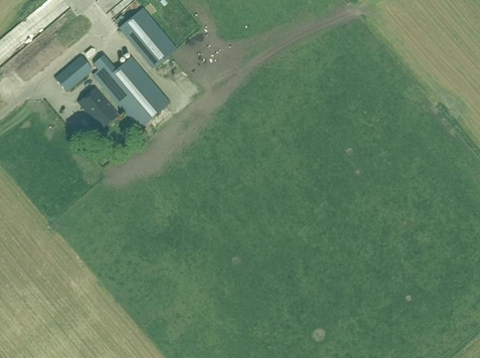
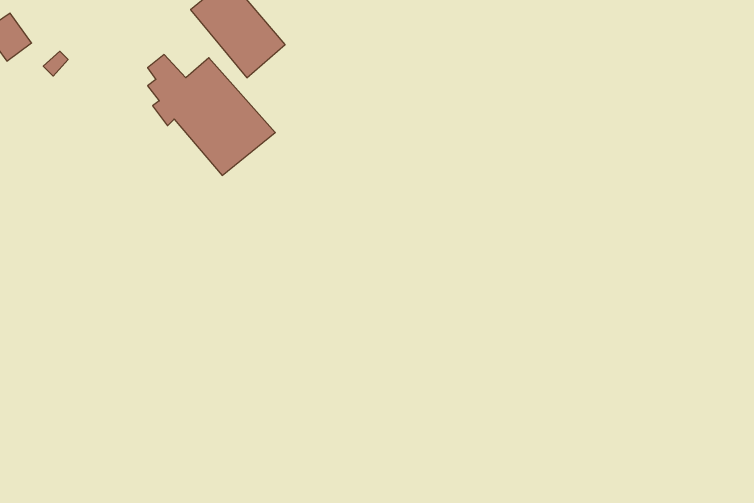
building: [55,55,93,91] -> none
building: [78,85,120,129] -> none

